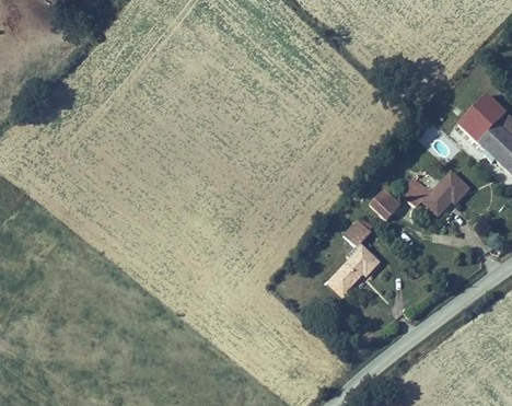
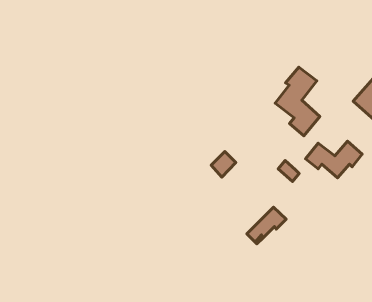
building: none -> [275,67,320,136]
building: [341,219,371,250] -> [211,152,236,177]

